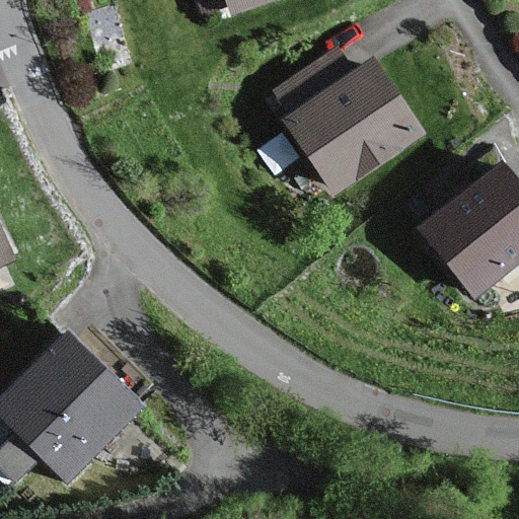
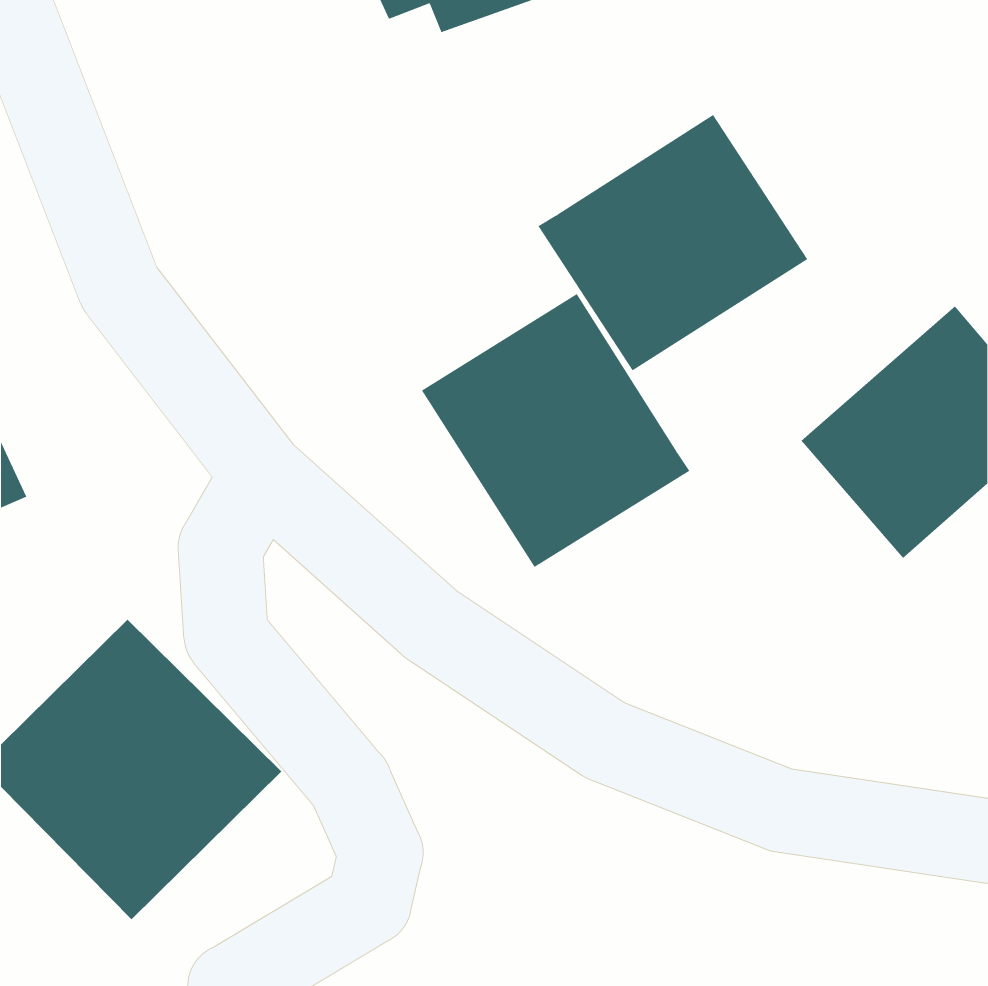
building: none -> [421,293,690,568]

